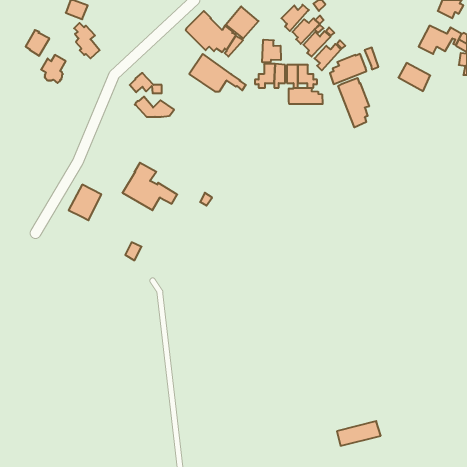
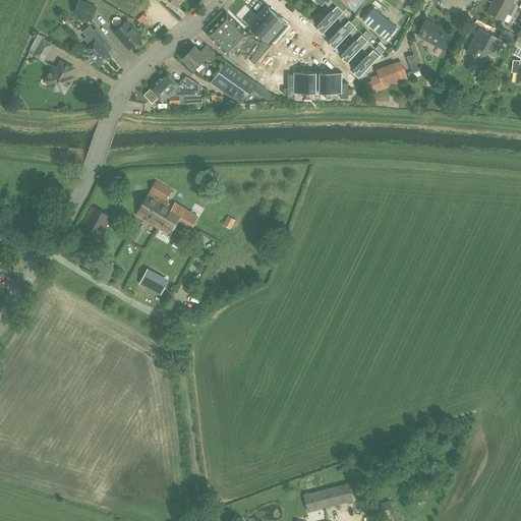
building: none -> [363,7,397,40]
building: none -> [115,21,141,49]
building: [262,40,281,62] -> none
building: none -> [182,45,217,69]
building: [398,63,430,91] -> [417,19,453,51]
building: [338,78,369,127] -> none
building: [289,88,323,104] -> none
building: [135,97,174,117] -> [158,72,201,95]
building: [337,421,381,446] -> [304,483,353,511]

